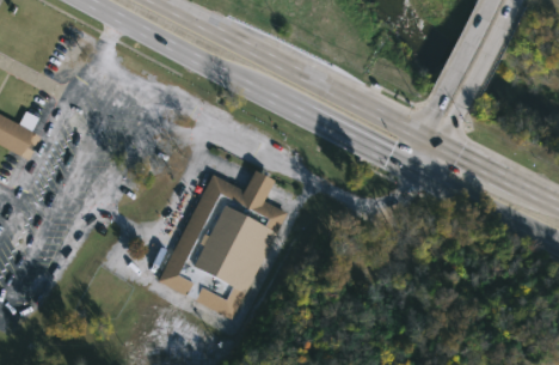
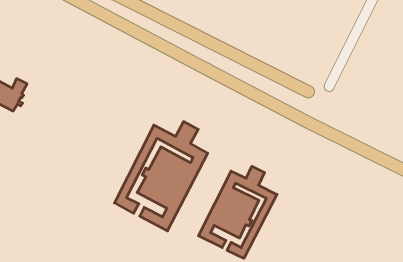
building: none -> [198,166,277,258]

